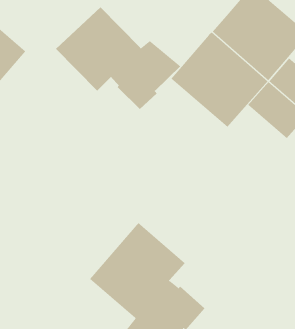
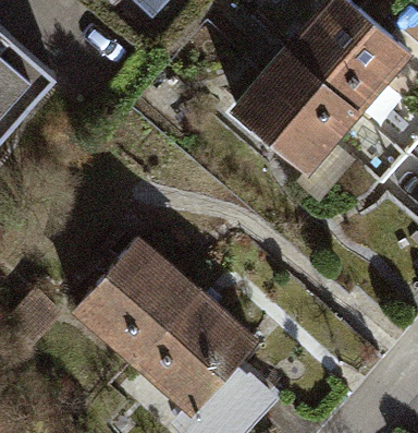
building: [55,7,181,110] -> none
building: none -> [75,240,194,360]

